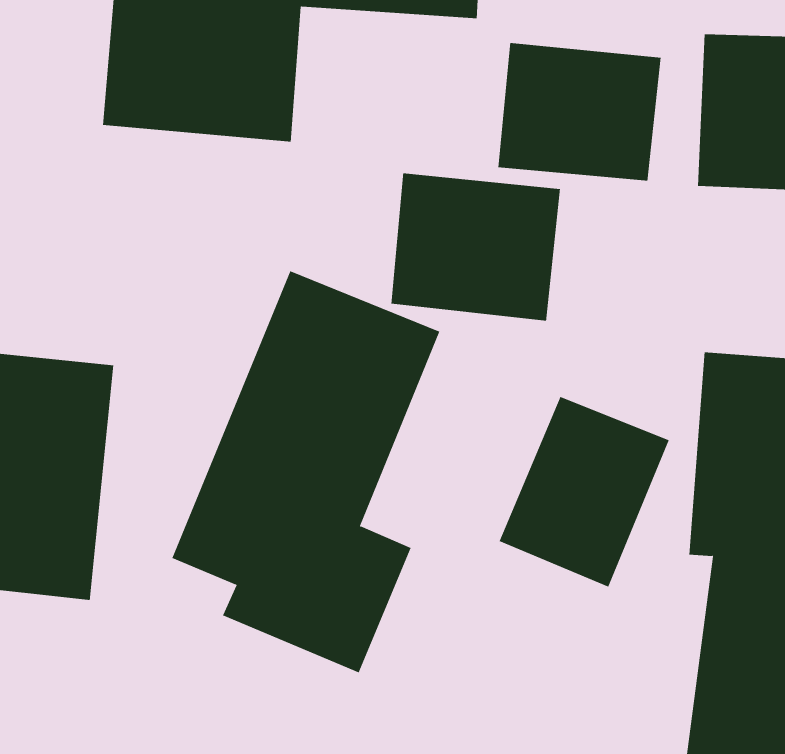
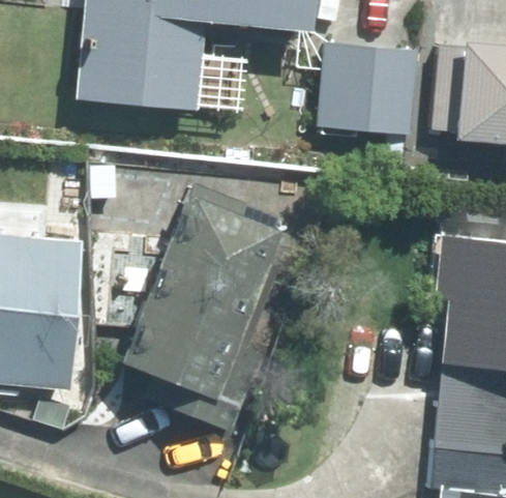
building: [391,173,560,321] -> none
building: [499,396,669,587] -> none

